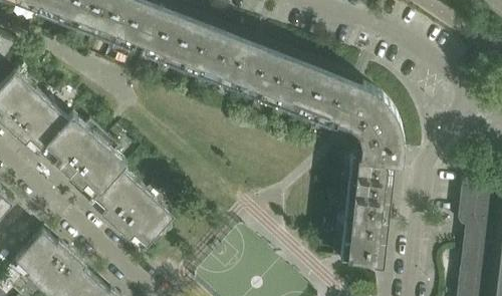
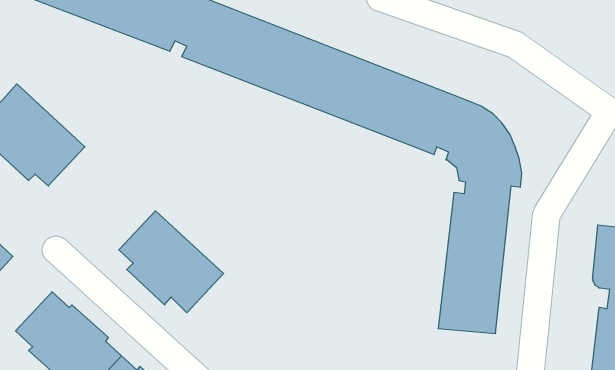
building: [39,113,127,199] -> none

